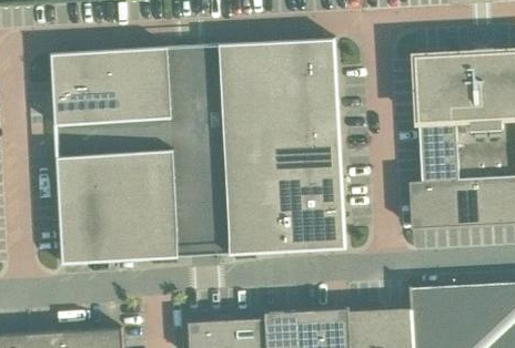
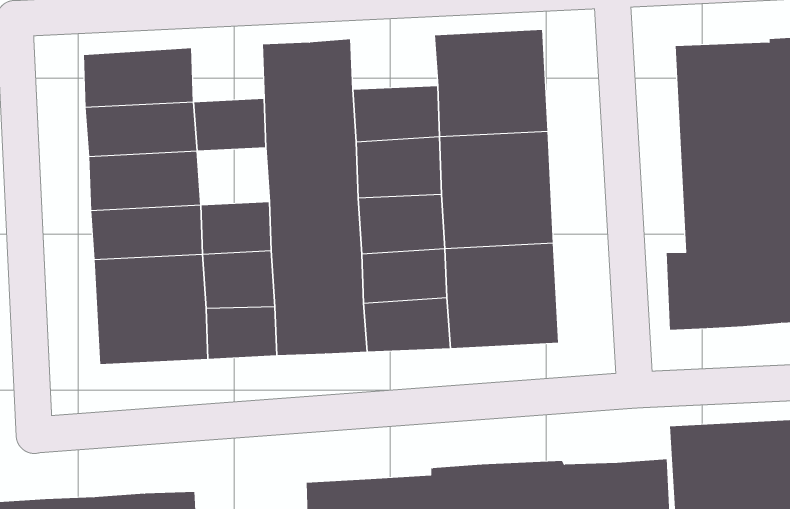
building: [216,49,270,82] -> none
building: [119,54,163,90] -> none
building: [122,117,166,153] -> none

